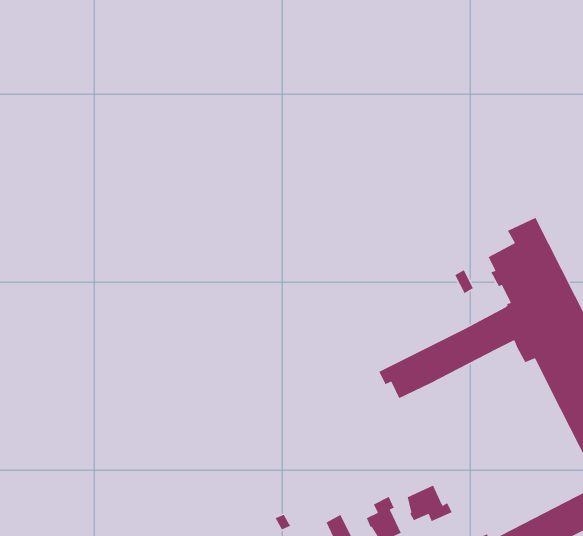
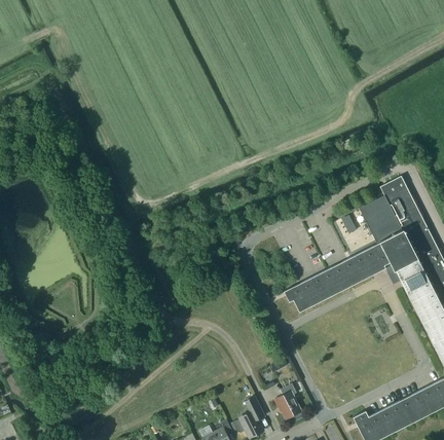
building: [407,484,453,522] -> none

